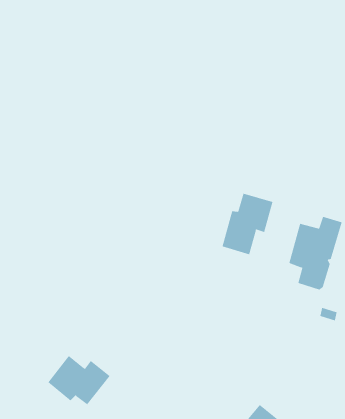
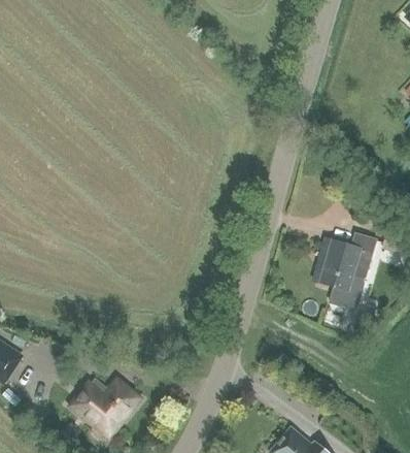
building: [222,193,273,255] -> none

